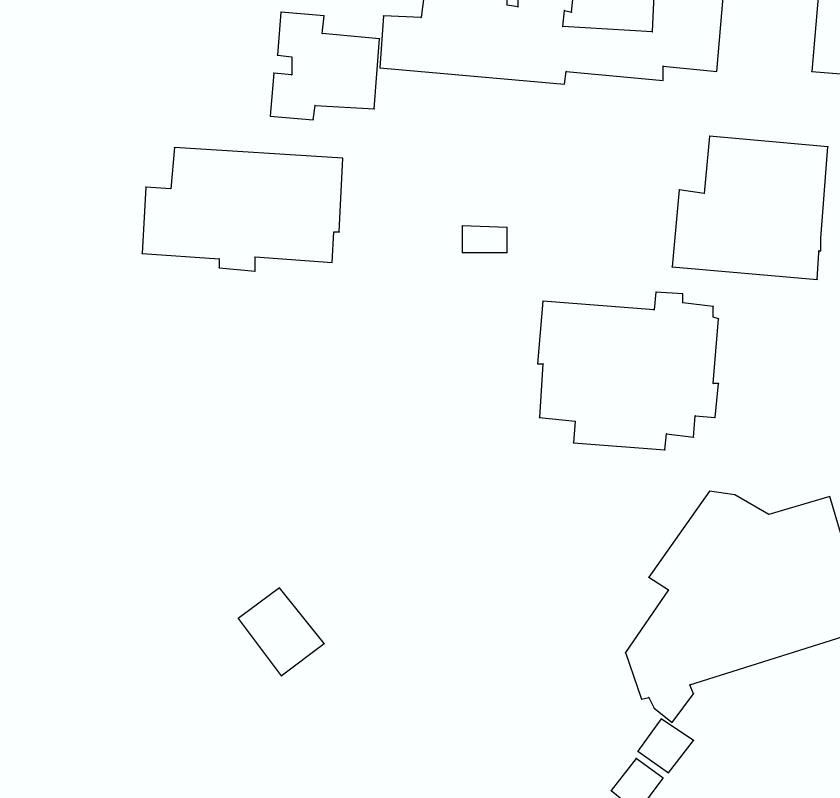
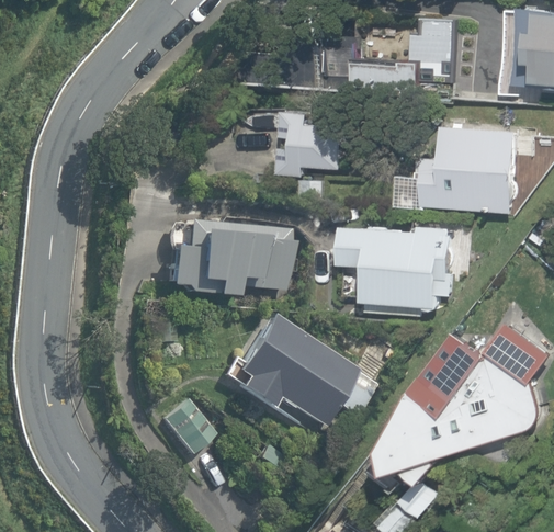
building: [270,12,380,120] -> [281,109,348,174]
building: [142,148,343,271] -> [163,222,286,297]
building: none -> [231,314,369,427]

